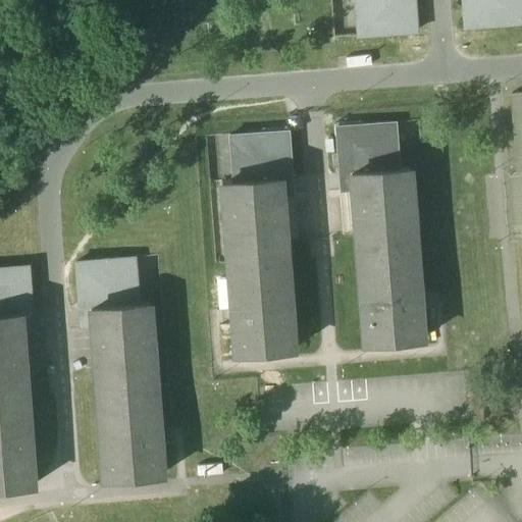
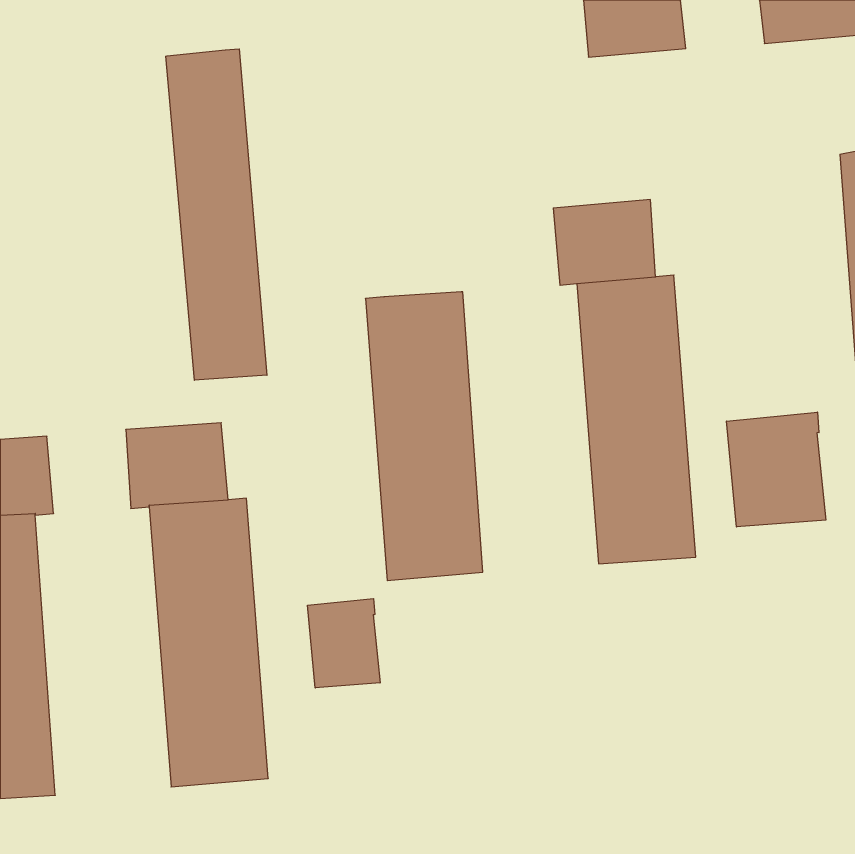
building: none -> [166,49,267,380]
building: [231,132,294,182] -> none
building: none -> [727,412,826,527]
building: none -> [308,599,380,688]

